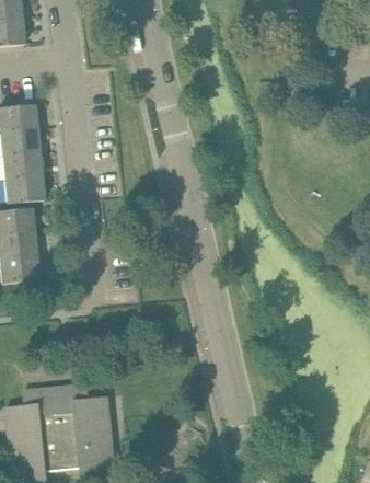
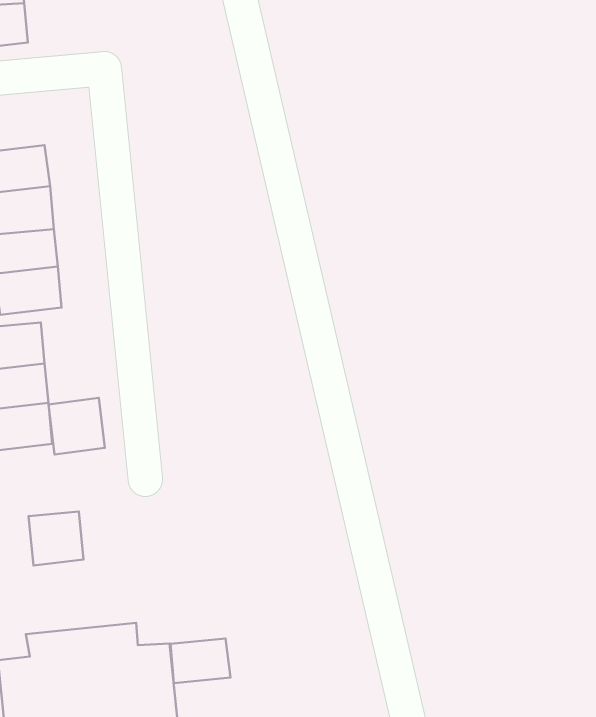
building: none -> [49,398,105,454]
building: none -> [28,512,83,565]
building: none -> [170,638,230,683]

